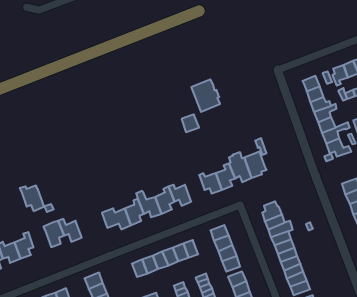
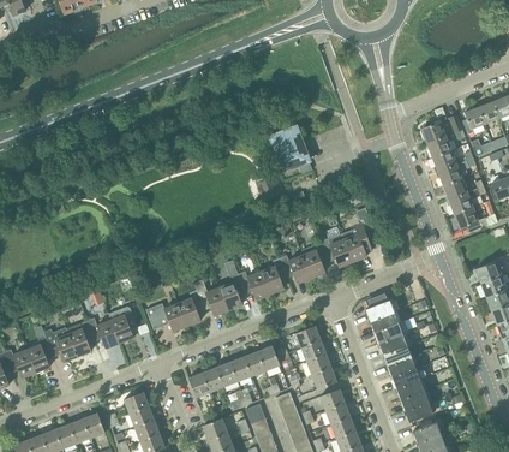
building: none -> [261,257,287,293]
building: [20,186,44,211] -> [43,327,77,362]
building: none -> [108,305,137,343]

